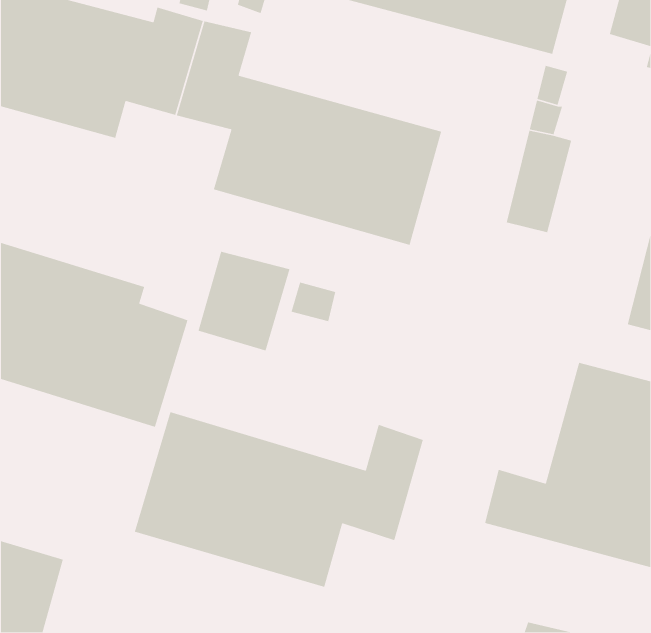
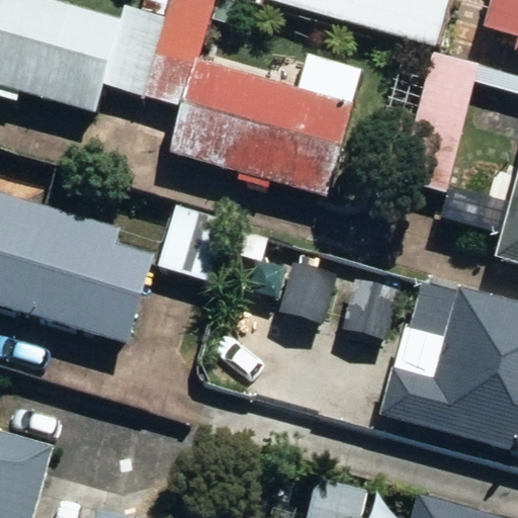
building: [134,411,424,588] -> none

